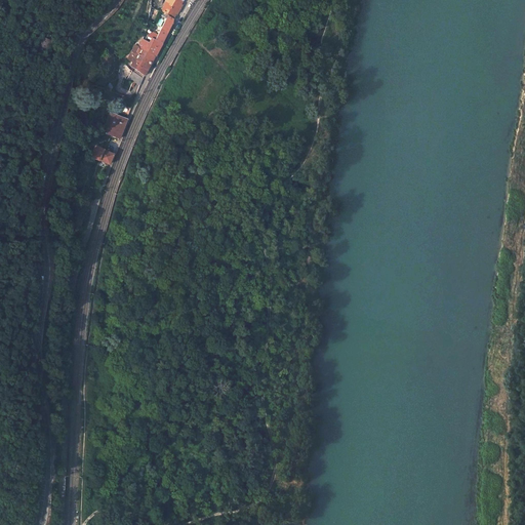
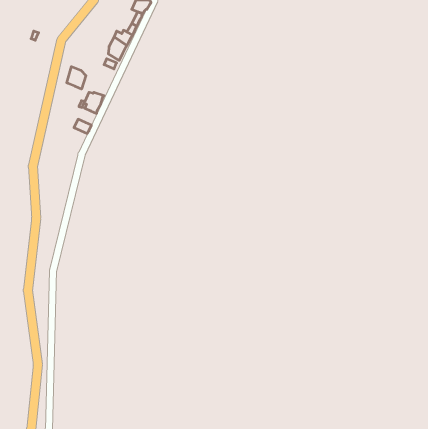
building: none -> [67,67,86,89]

